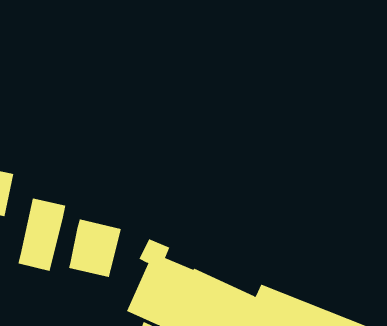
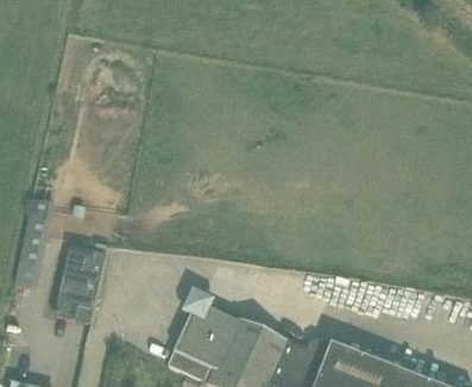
building: [69,219,122,278] -> none

